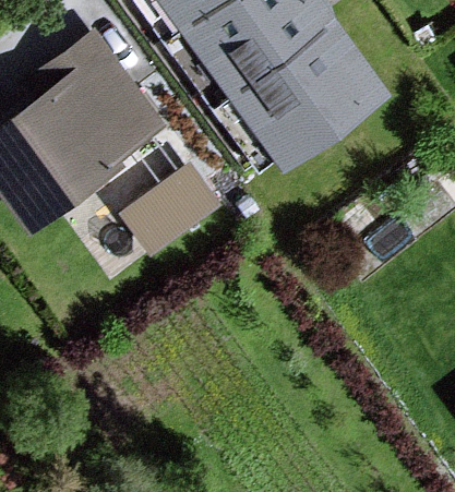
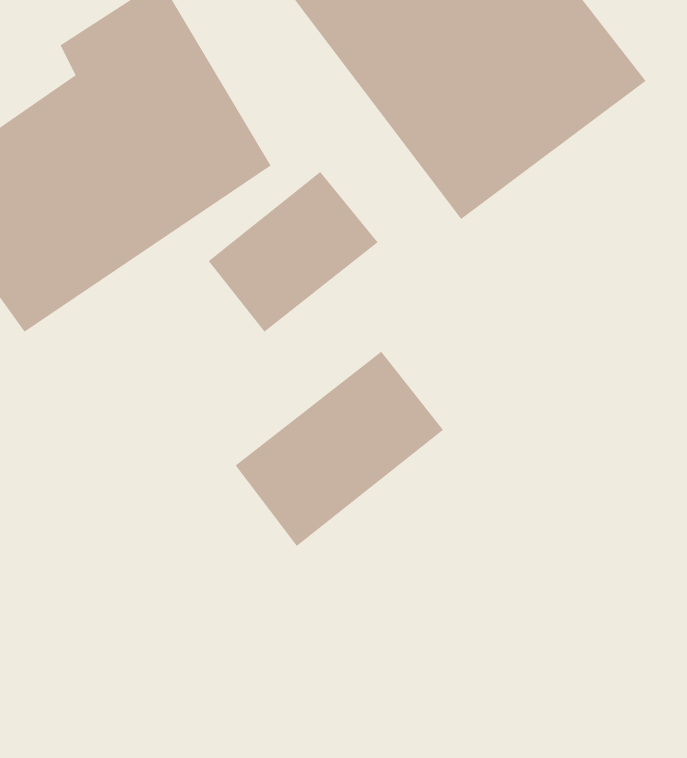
building: none -> [235,351,444,547]

